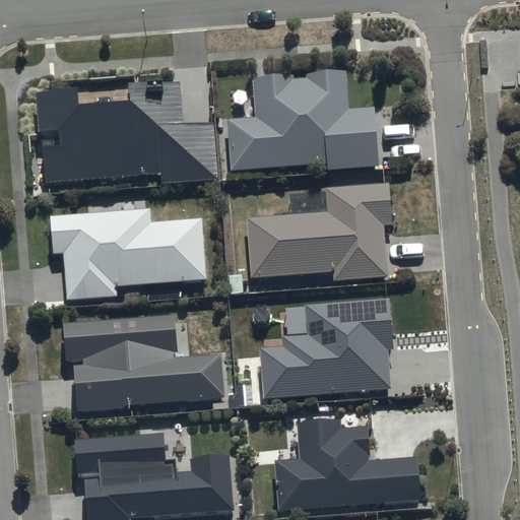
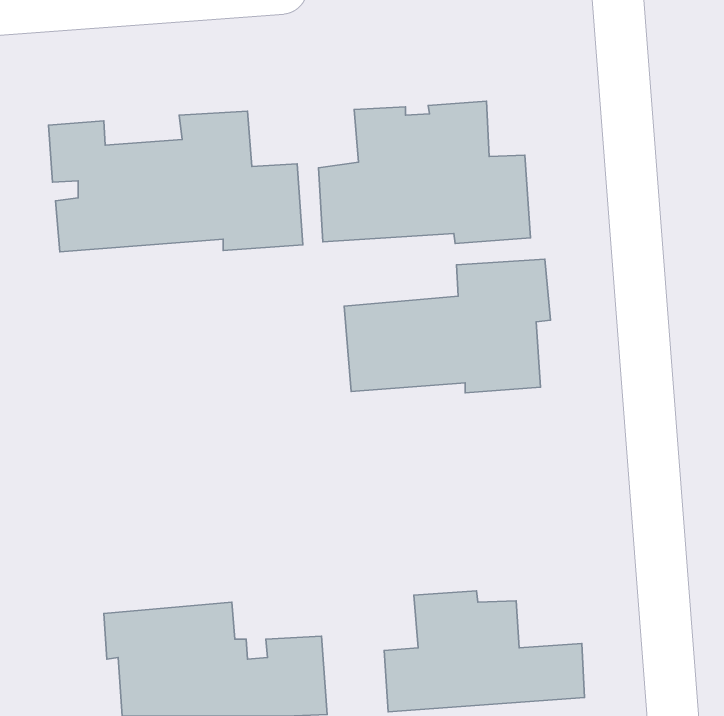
building: [49,207,208,301] -> none
building: [259,295,390,394] -> none
building: [62,319,223,408] -> none

